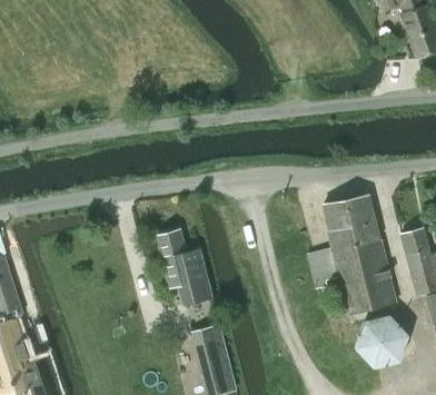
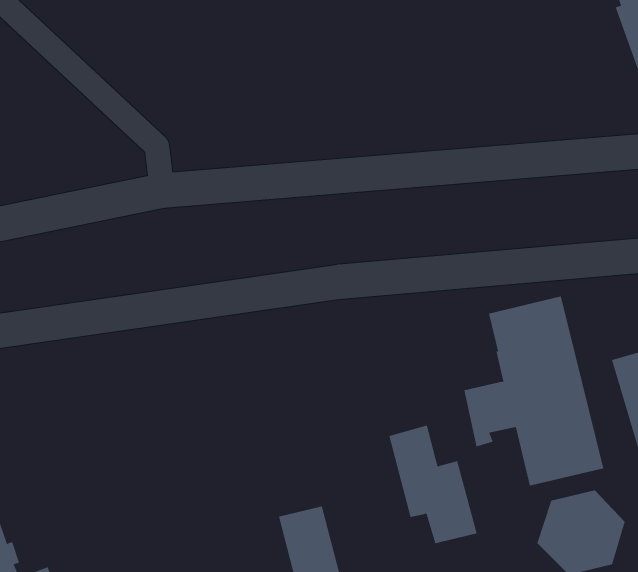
building: [157,229,212,304] -> [388,425,477,544]

